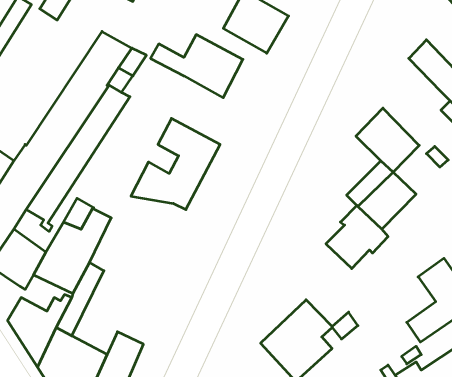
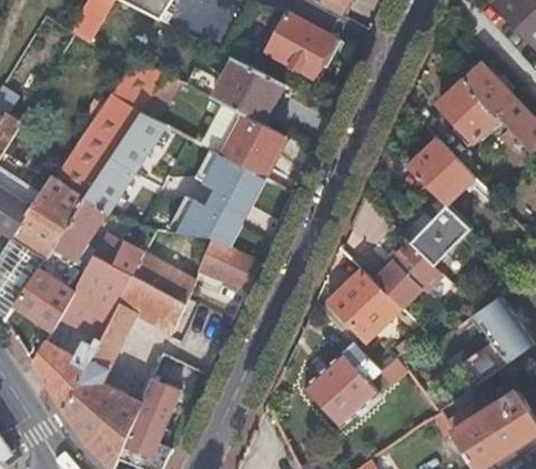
building: none -> [438,84,497,144]
building: none -> [199,103,284,177]
building: none -> [196,239,257,288]
building: none -> [121,254,194,332]
building: none -> [327,271,402,346]

